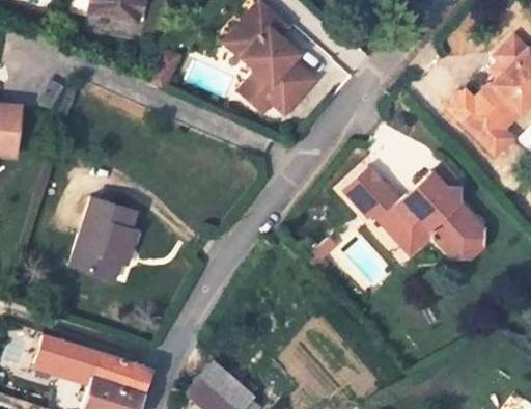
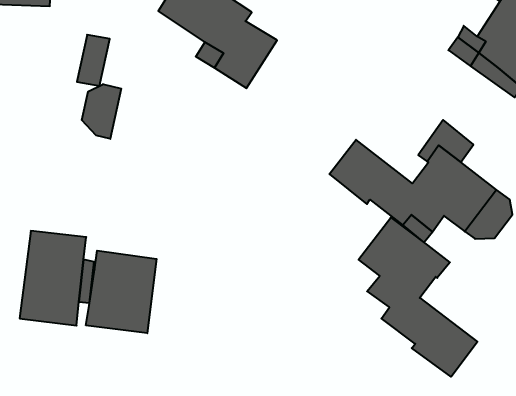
building: none -> [82,84,121,139]
building: none -> [86,251,157,333]
building: none -> [359,217,477,377]

